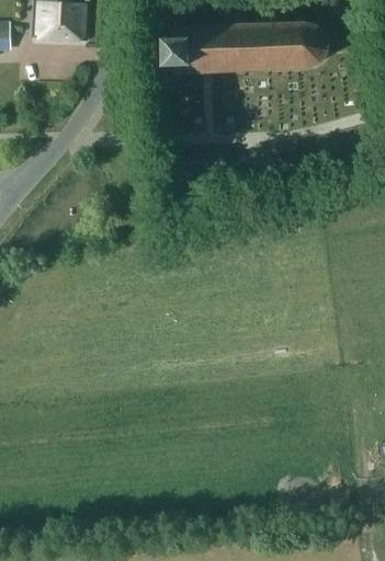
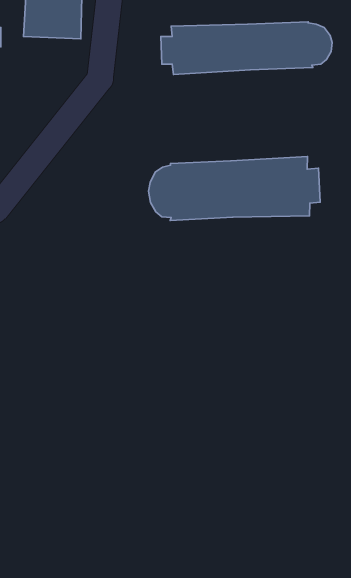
building: none -> [148,157,320,220]

